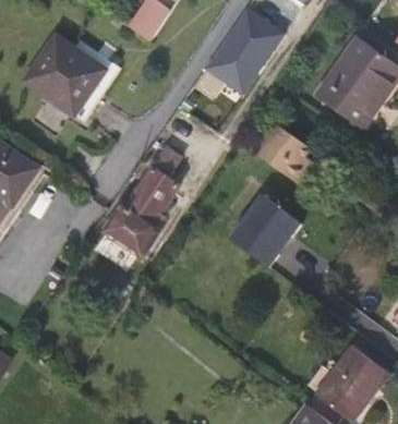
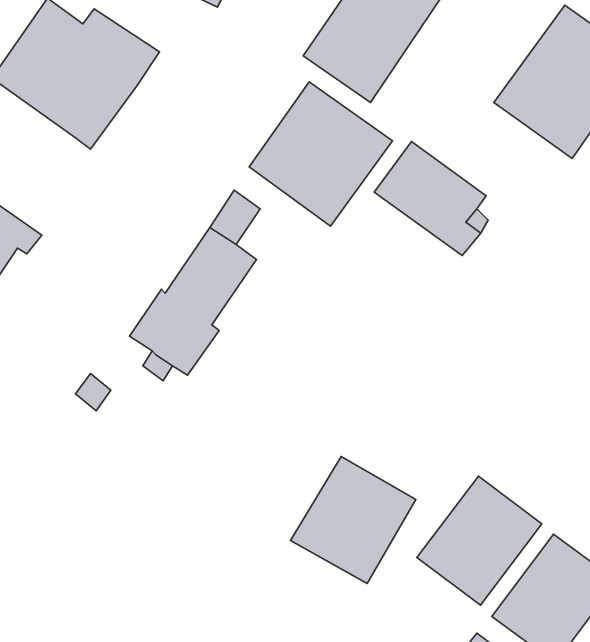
building: none -> [249,82,392,226]
building: [229,192,302,266] -> [291,456,416,583]
building: none -> [417,476,542,605]

